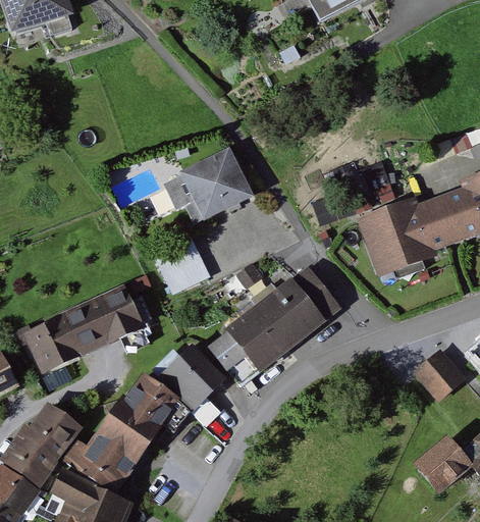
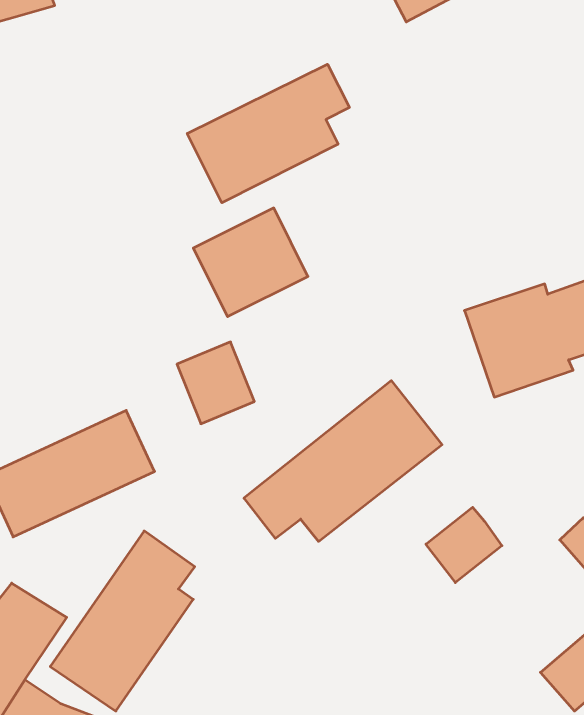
building: none -> [187,64,349,203]
building: [161,348,221,408] -> none
building: none -> [426,507,502,583]

